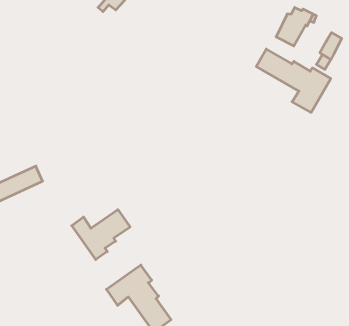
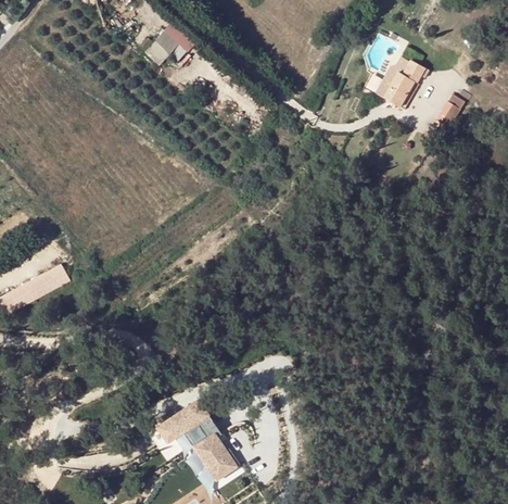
building: [256,49,331,112] -> none
building: [72,210,130,260] -> none

